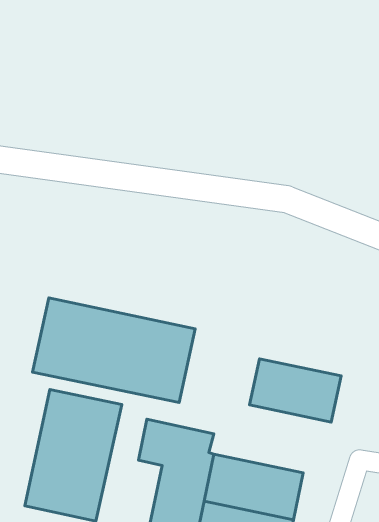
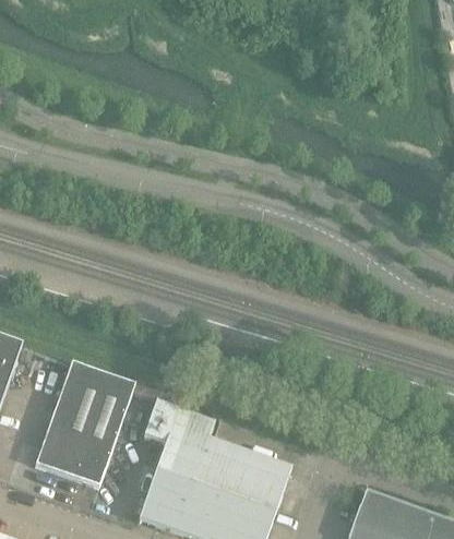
building: [32,298,195,402] -> none
building: [249,359,341,422] -> none

